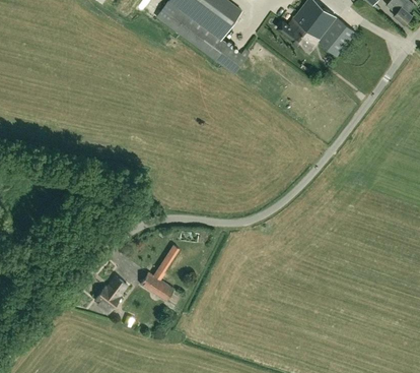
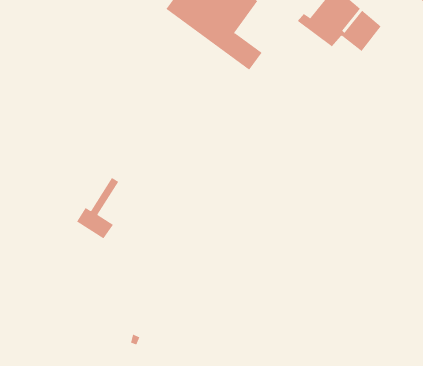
building: [140,244,180,301] -> [76,177,119,239]
building: [95,275,127,314] -> none

